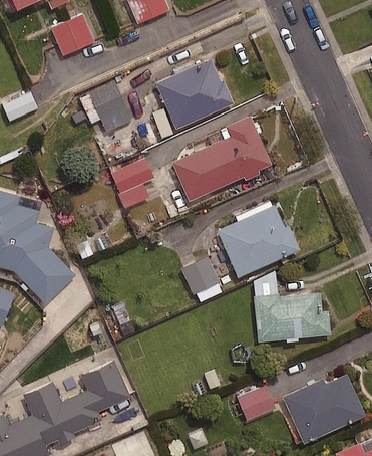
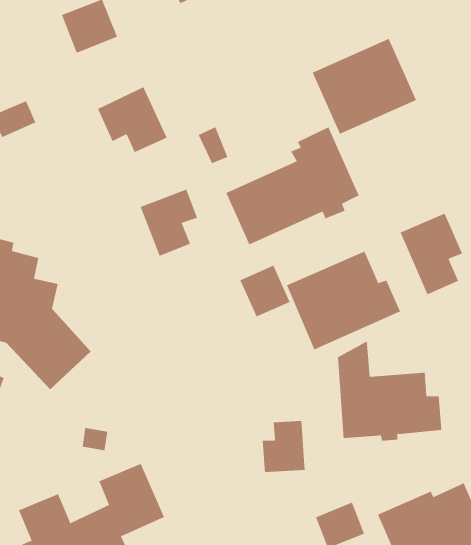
building: [155,58,232,129] -> [312,38,417,135]
building: none -> [400,213,463,295]
building: [180,256,218,294] -> [239,265,291,317]
building: none -> [262,420,305,473]

